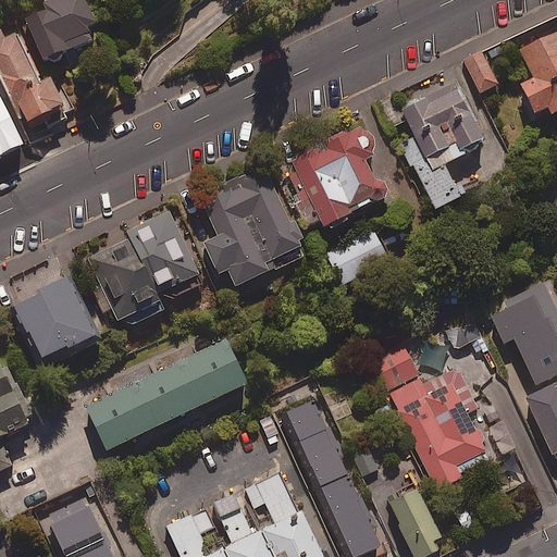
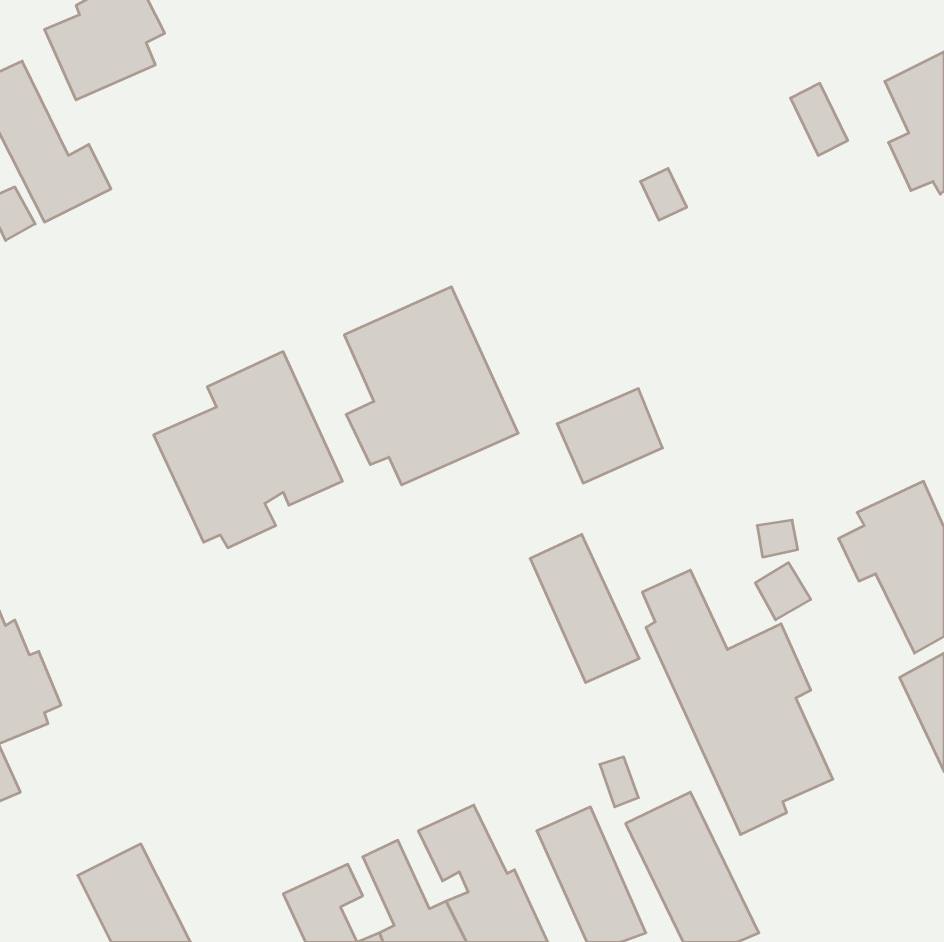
building: [397,70,485,209] -> none
building: [281,124,384,227] -> none
building: [14,280,96,361] -> none
building: [86,341,248,450] -> none
building: [283,401,347,488] -> [530,534,639,683]

